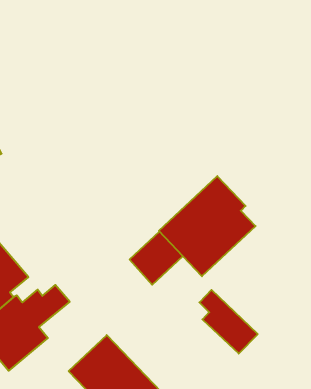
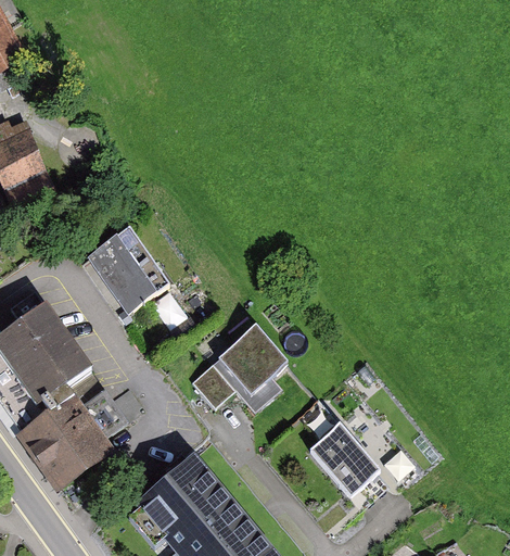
building: none -> [85,235,193,348]
building: [159,176,256,276] -> none
building: none -> [195,363,239,406]

